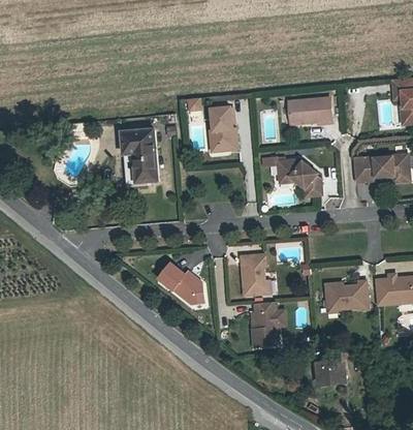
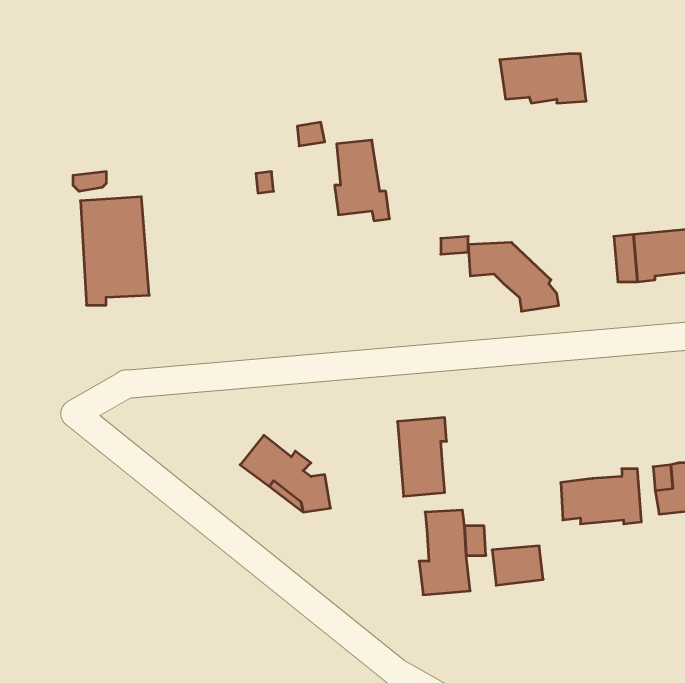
building: [285,98,330,124] -> [500,54,586,103]
building: [121,128,157,185] -> [80,197,149,305]
building: [317,366,344,387] -> [492,546,543,585]

